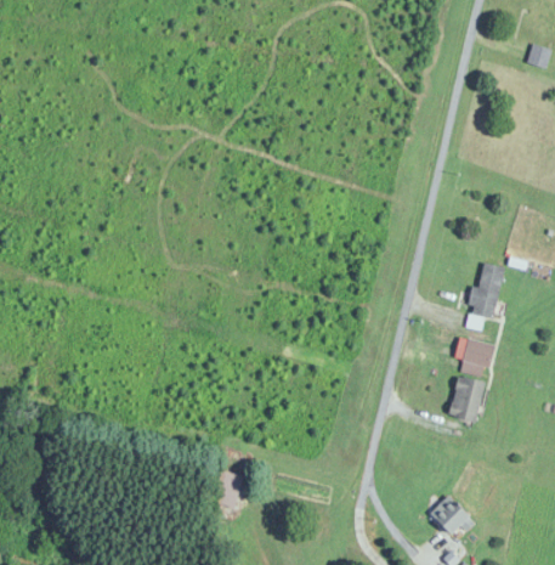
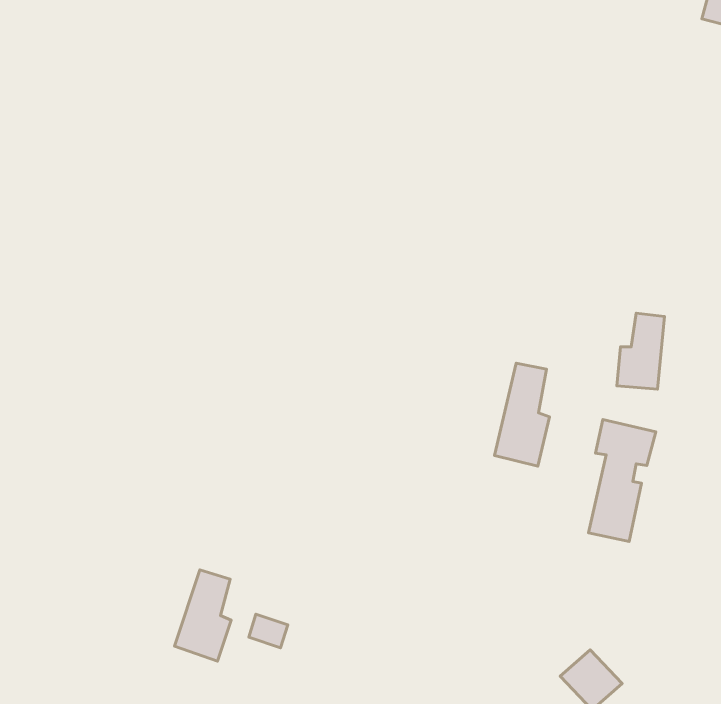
building: none -> [495,363,549,466]
building: none -> [174,570,231,661]

